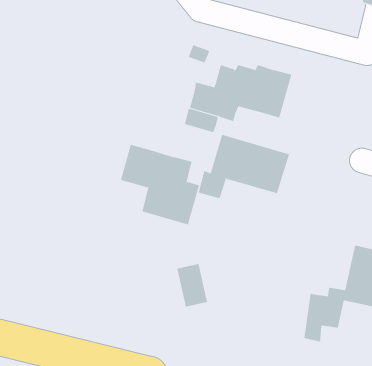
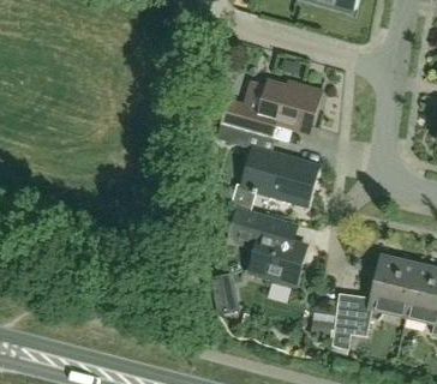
building: [120,144,200,225] -> [228,205,305,283]

